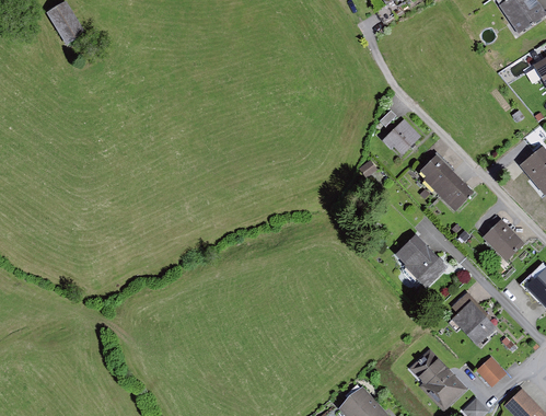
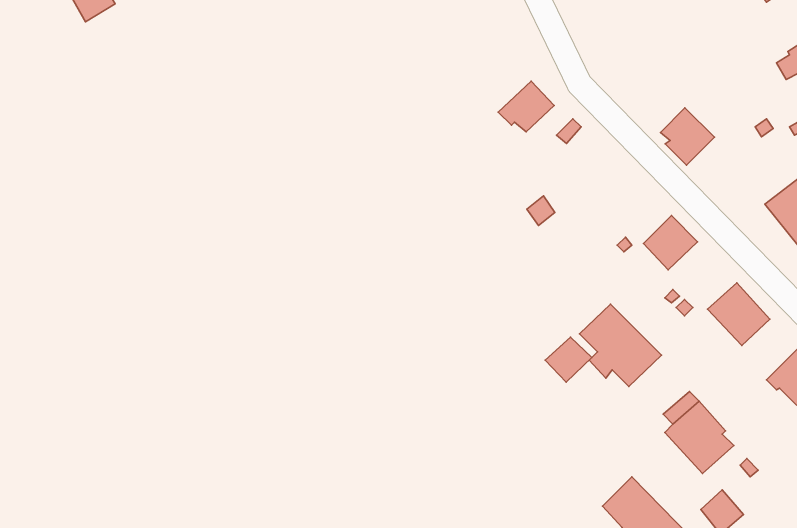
building: [383,118,420,152] -> [498,81,554,132]
building: [420,154,456,193] -> [660,108,714,165]
building: none -> [545,337,592,382]

